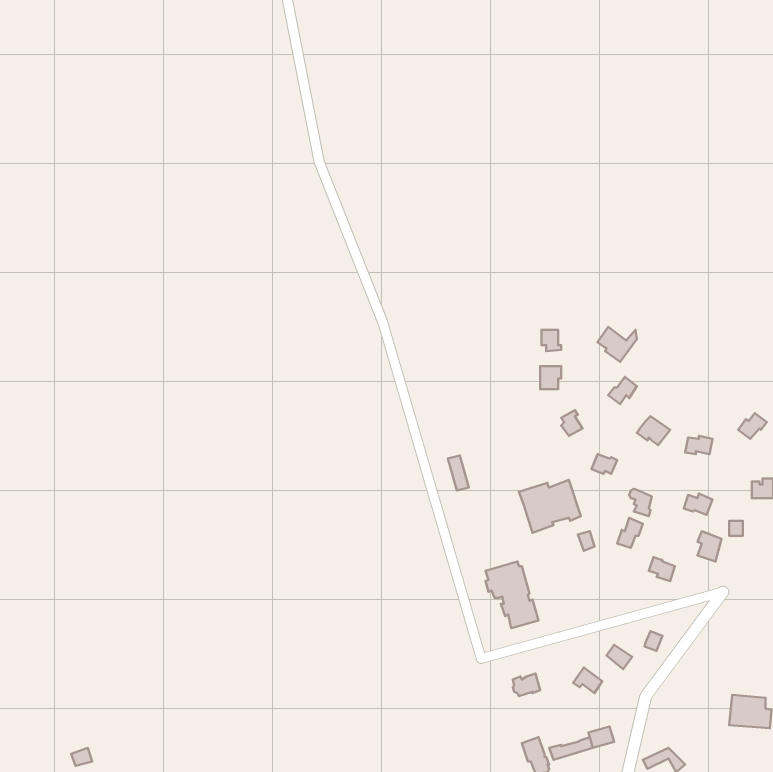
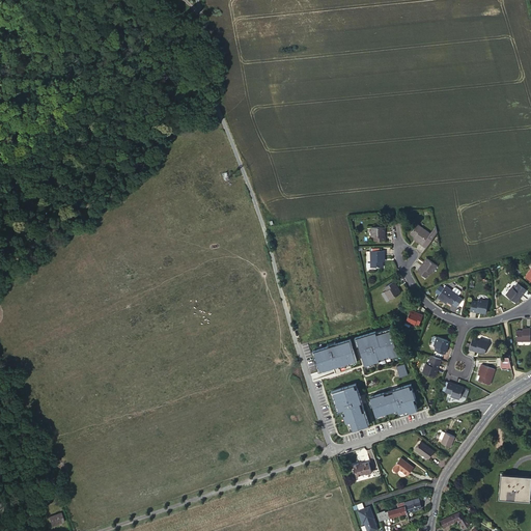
building: none -> [312,340,357,372]
building: none -> [370,386,417,417]

